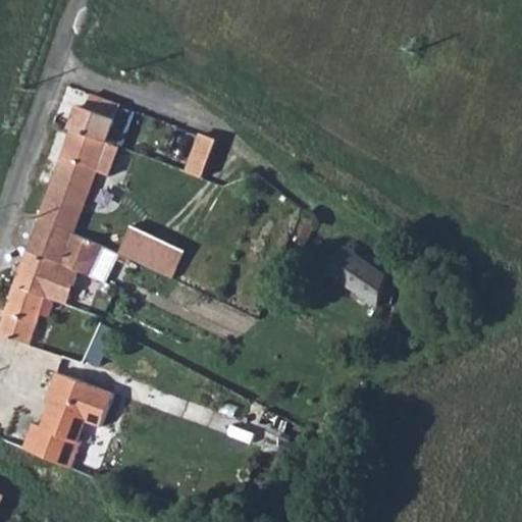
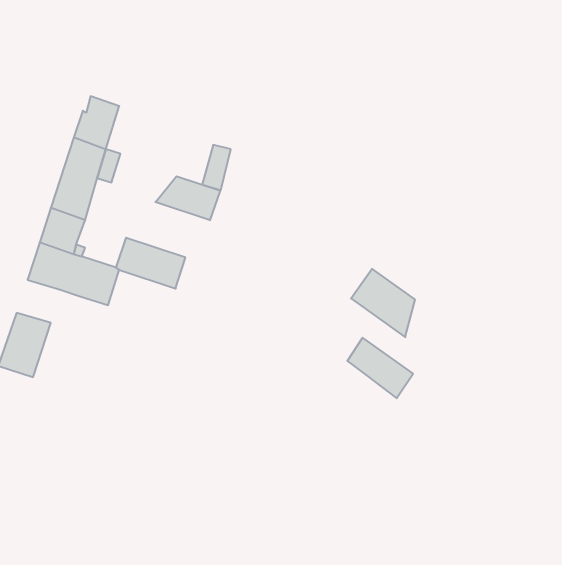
building: none -> [155,176,220,220]
building: [15,258,75,305] -> none
building: none -> [347,338,413,398]
building: [24,374,113,469] -> none

